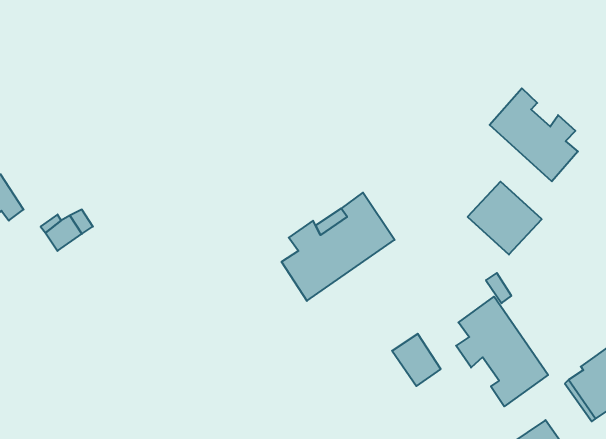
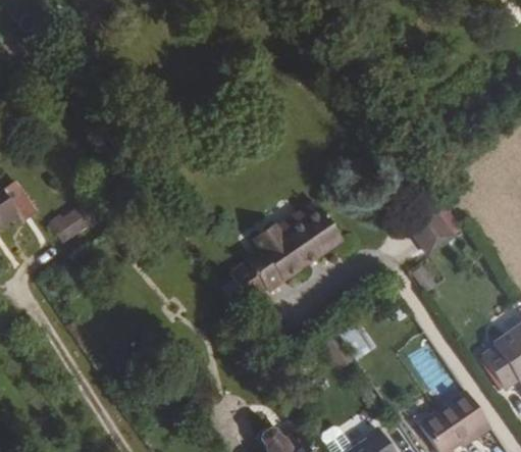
building: [490,88,578,181] -> none
building: [456,297,548,406] -> none

